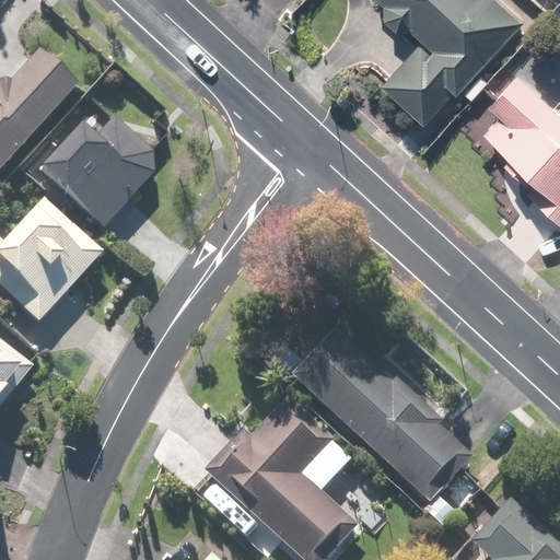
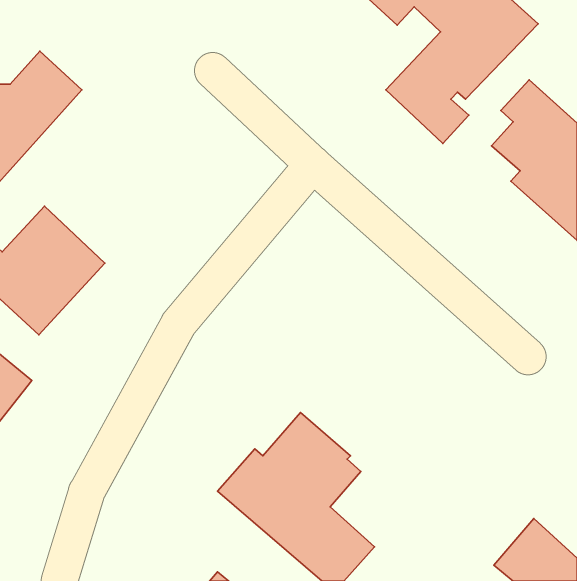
building: [43,116,154,226] -> none
building: [296,327,480,538] -> none

